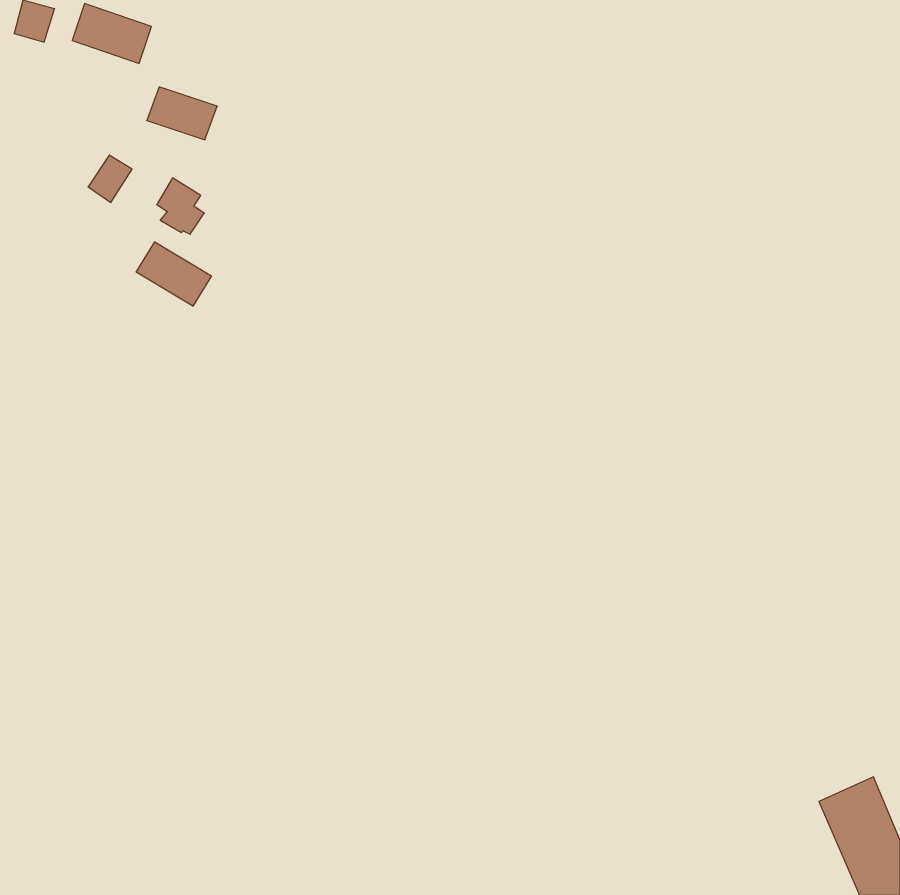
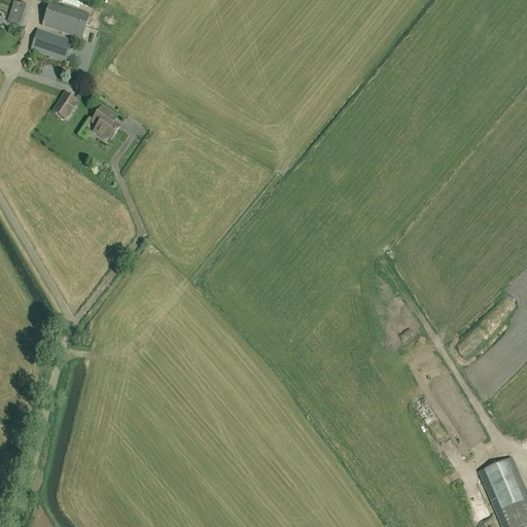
building: [147,87,217,140] -> [31,28,72,59]
building: [136,242,211,306] -> none

